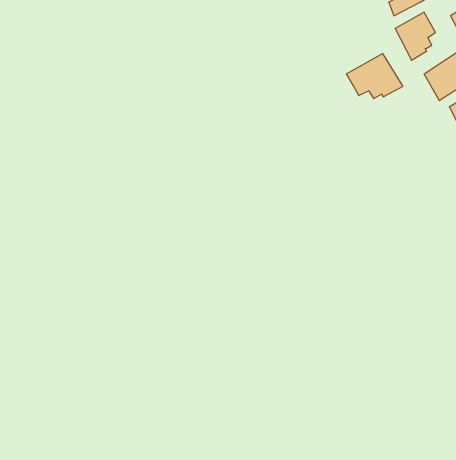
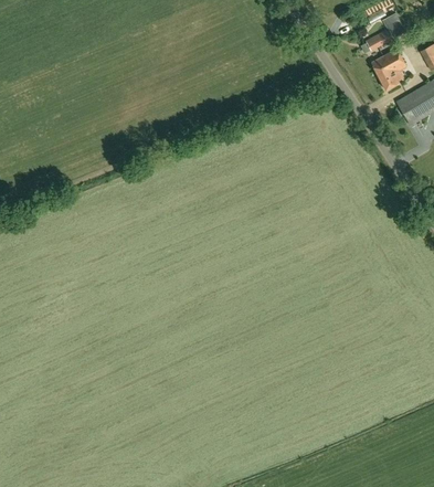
building: [347,54,403,99] -> none

